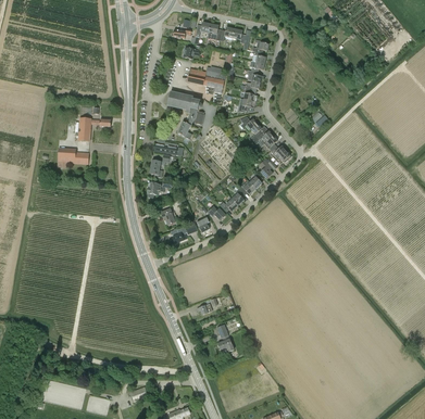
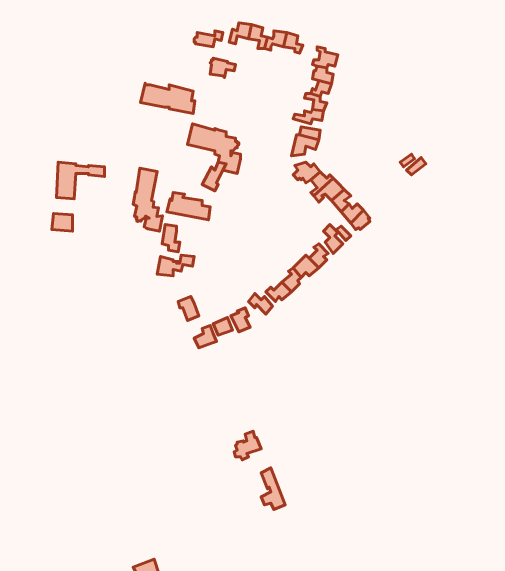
building: [187,68,224,89] -> [140,83,195,114]
building: none -> [133,168,163,231]

